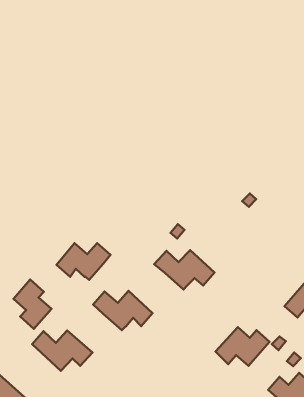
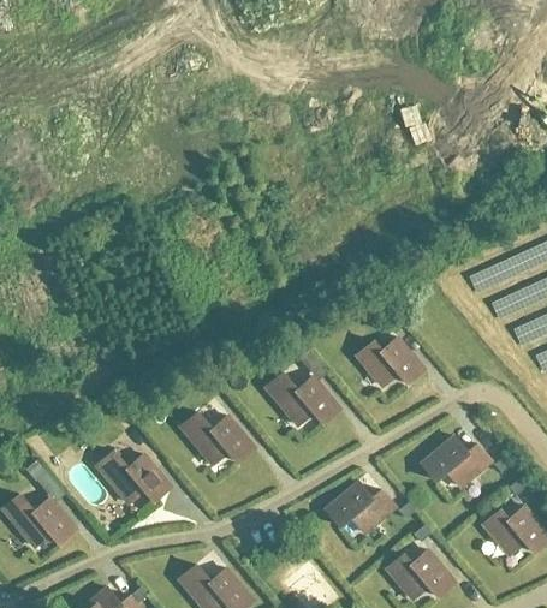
building: none -> [355,338,424,386]
building: [57,243,111,280] -> none
building: [13,280,51,329] -> none

